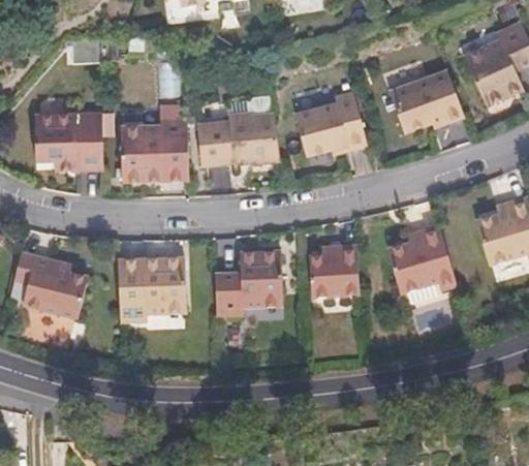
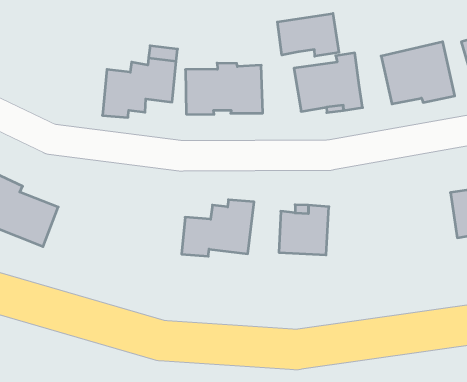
building: none -> [277,13,339,56]
building: [31,114,101,169] -> none
building: [387,224,455,288] -> none
building: [117,260,186,322] -> none

